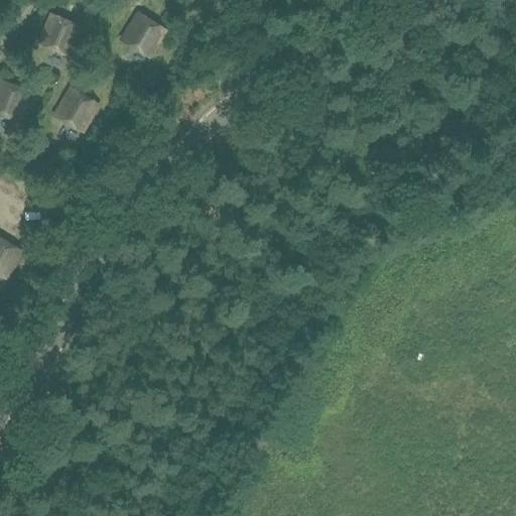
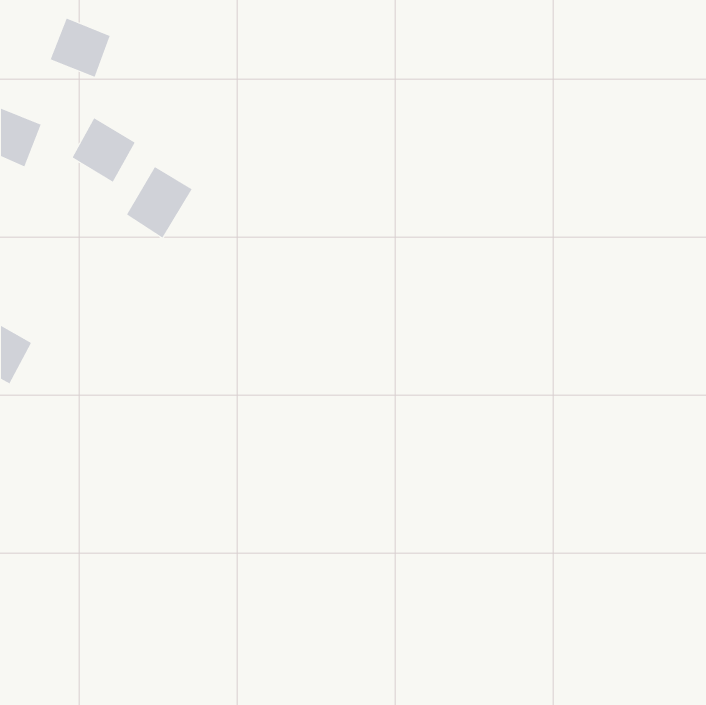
building: [119,12,166,57] -> none
building: none -> [126,166,193,238]

